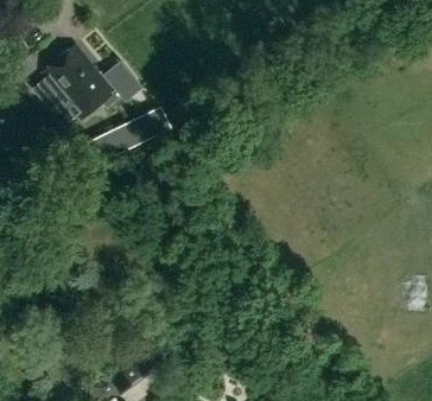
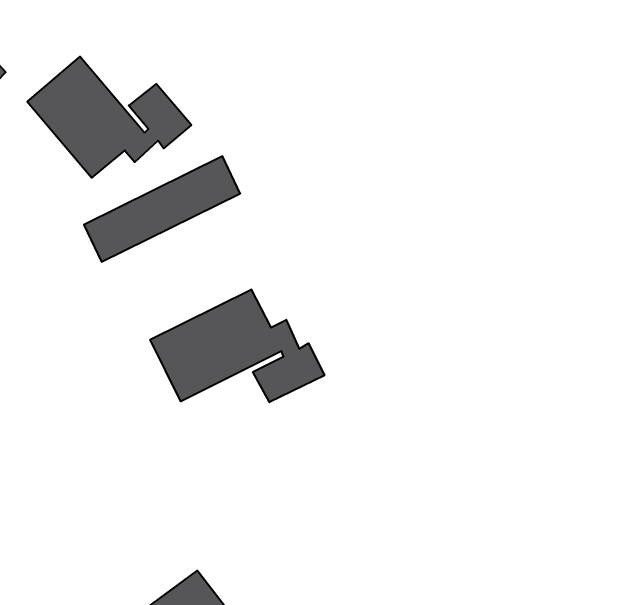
building: none -> [150,289,324,402]

